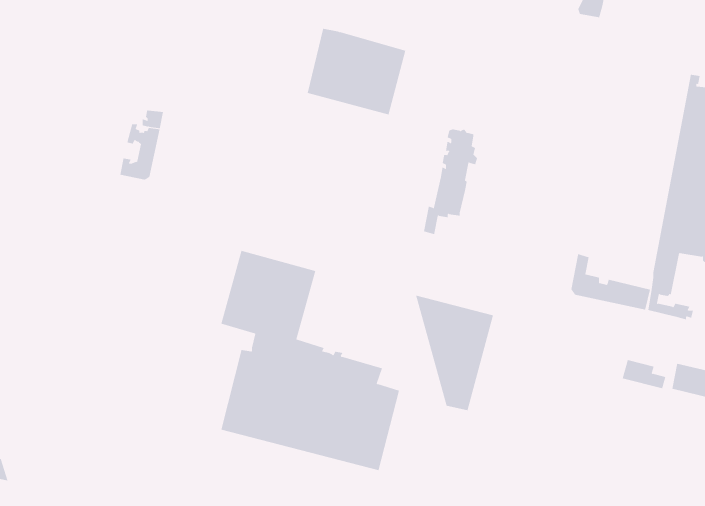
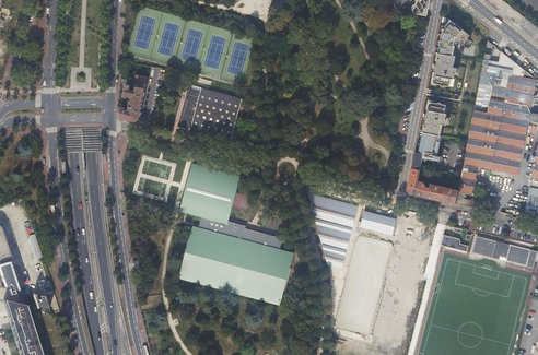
building: none -> [433,19,470,85]
building: [307,28,406,115] -> [178,84,242,140]
building: [423,129,478,235] -> [412,100,447,168]
building: none -> [360,211,396,234]

